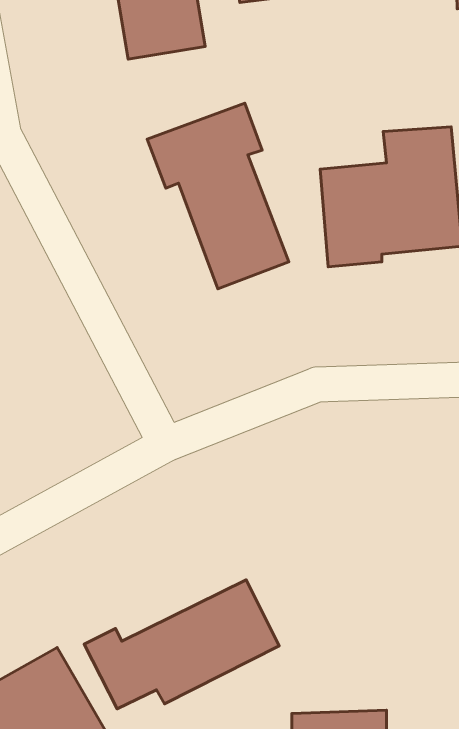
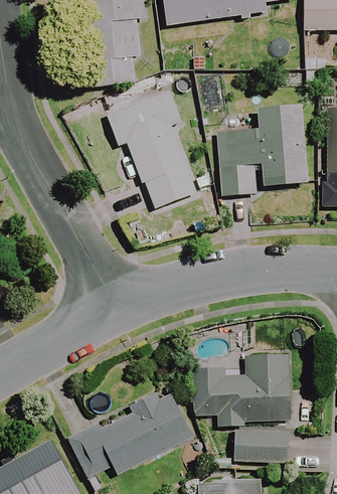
building: none -> [191,353,290,463]

